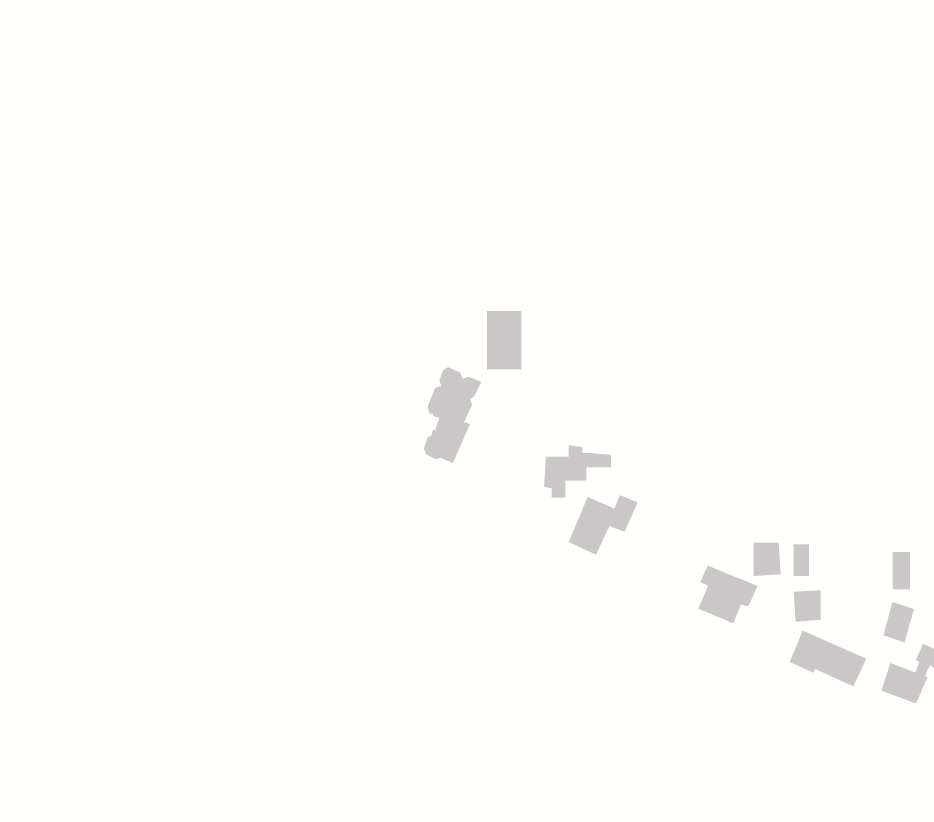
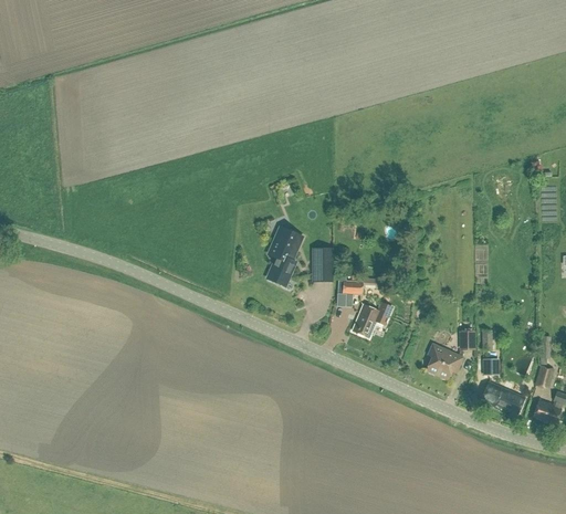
building: [486,311,522,370] -> [312,246,333,281]

